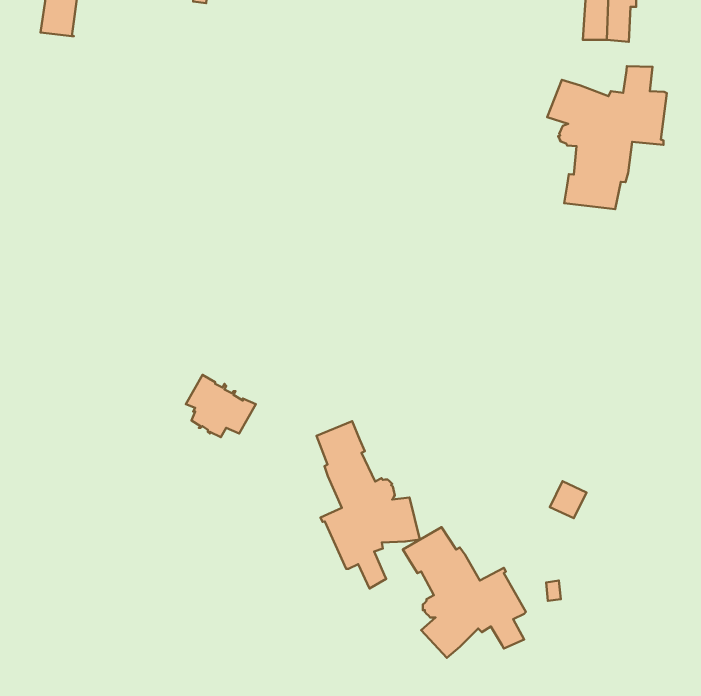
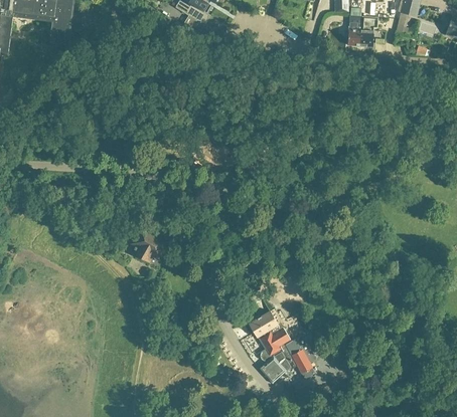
building: [547,66,667,209] -> none
building: [316,421,420,588] -> none

